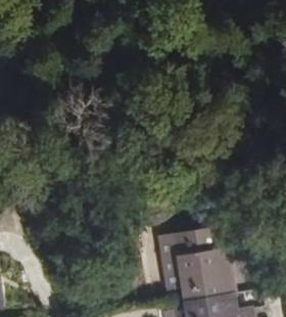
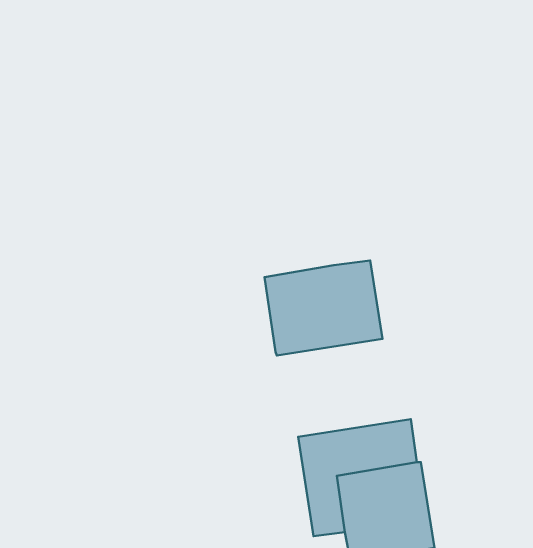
building: none -> [265,261,382,355]

